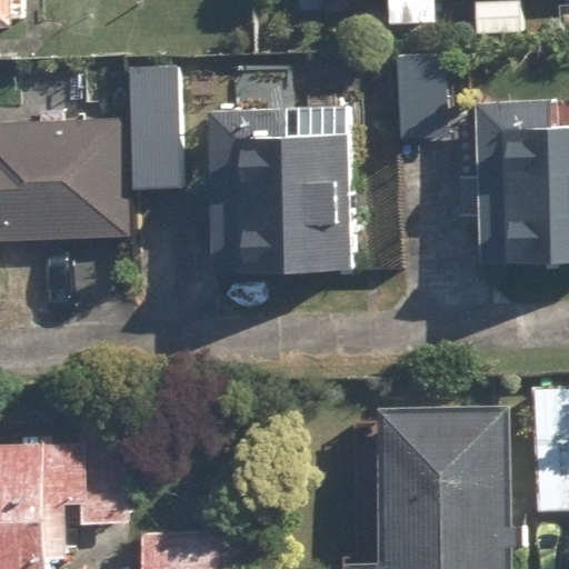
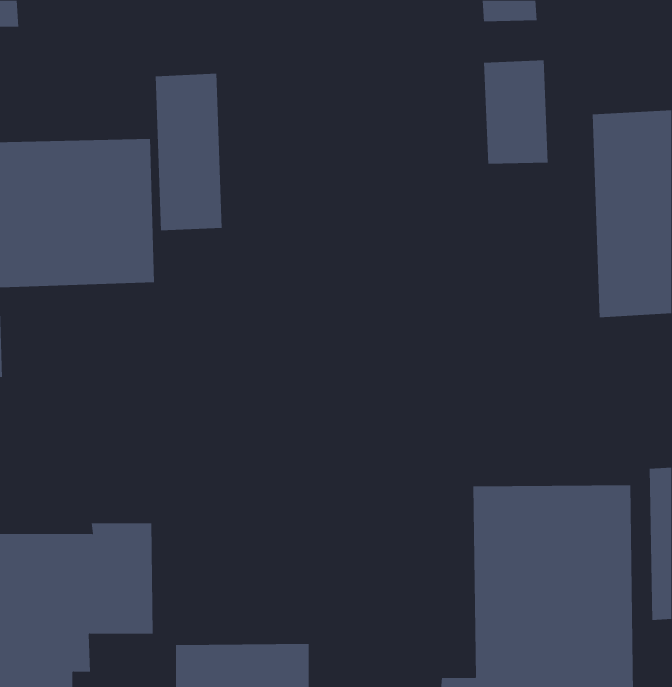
building: [217,104,358,274] -> none

